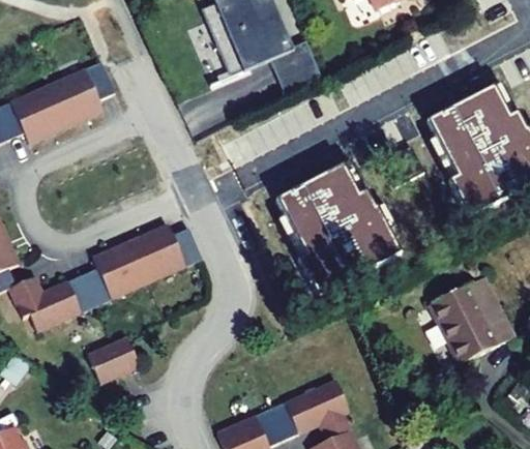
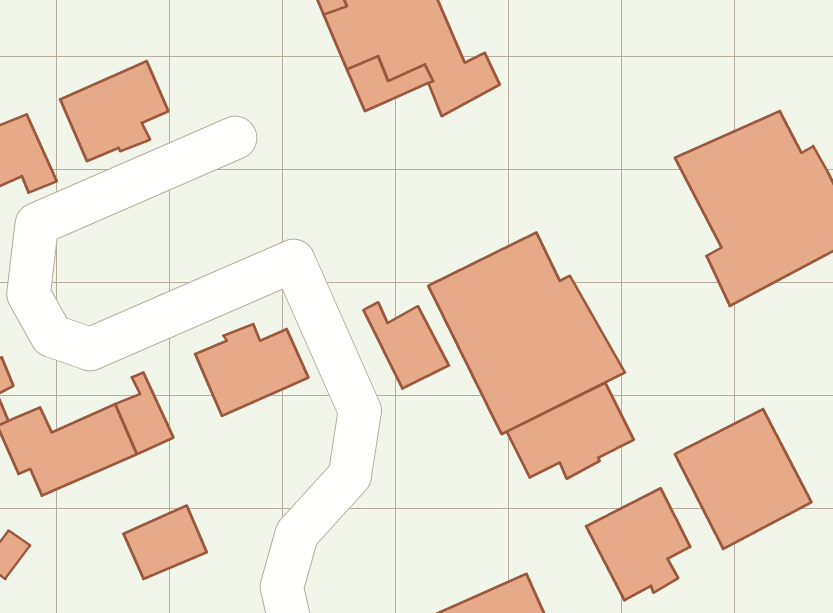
building: [27,84,64,134] -> none
building: none -> [364,302,449,389]
building: [99,242,148,294] -> none
building: none -> [507,383,634,479]
building: none -> [586,488,690,600]

